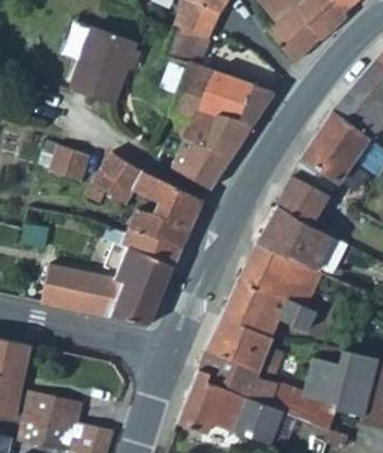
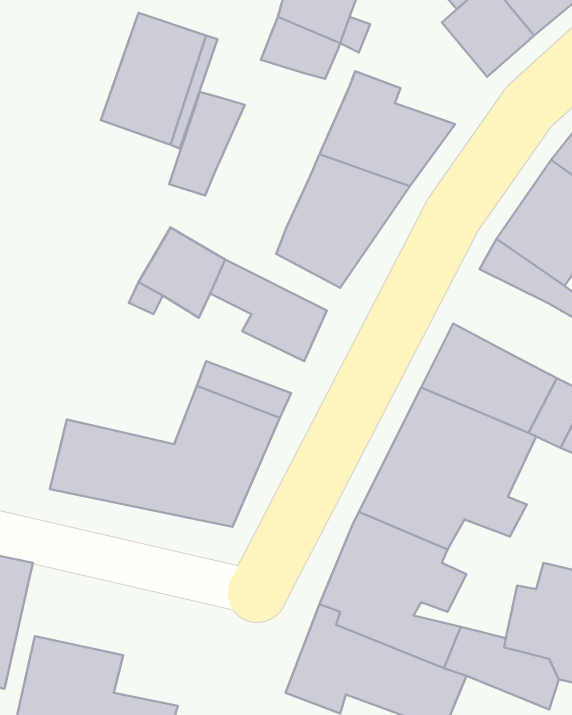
building: [171,61,215,121] -> [169,92,245,195]
building: [50,145,92,180] -> none
building: [275,175,330,226] -> none
building: [128,207,189,247] -> none

